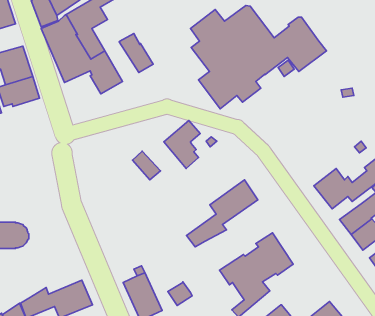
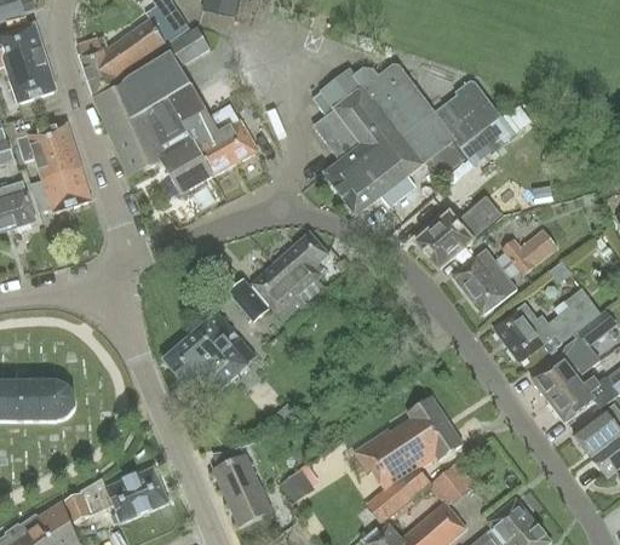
building: none -> [168,84,237,174]
building: none -> [417,202,495,268]
building: none -> [452,226,557,312]
building: none -> [252,263,306,320]
building: none -> [163,312,256,403]
building: [186,180,258,247] -> none
building: none -> [430,460,471,500]

